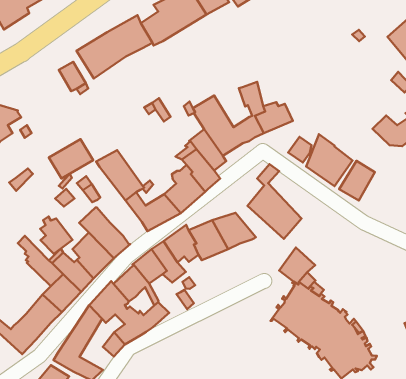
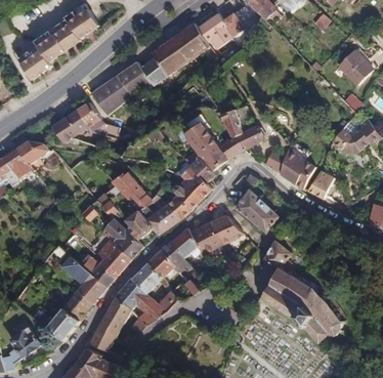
building: [49,139,93,179] -> [52,110,88,142]
building: [40,217,73,254] -> [125,210,152,240]

